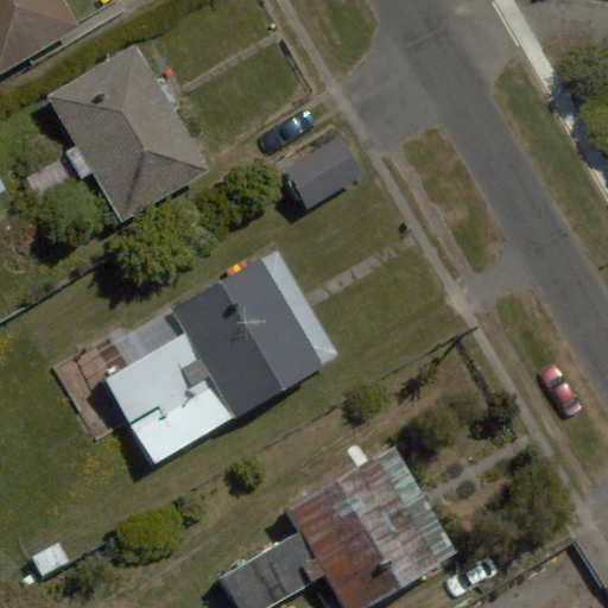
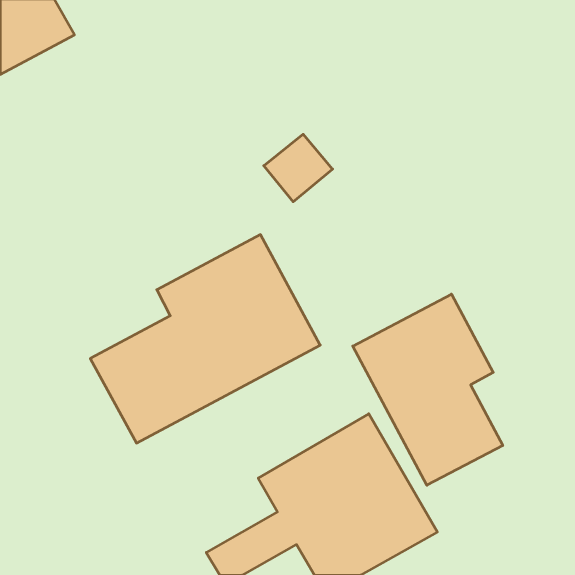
building: [45,48,210,220] -> none
building: none -> [353,294,503,485]

